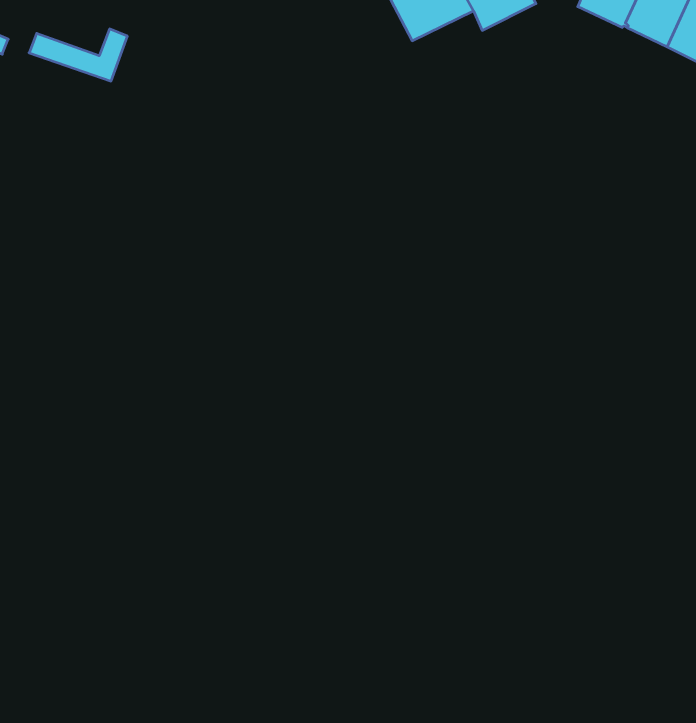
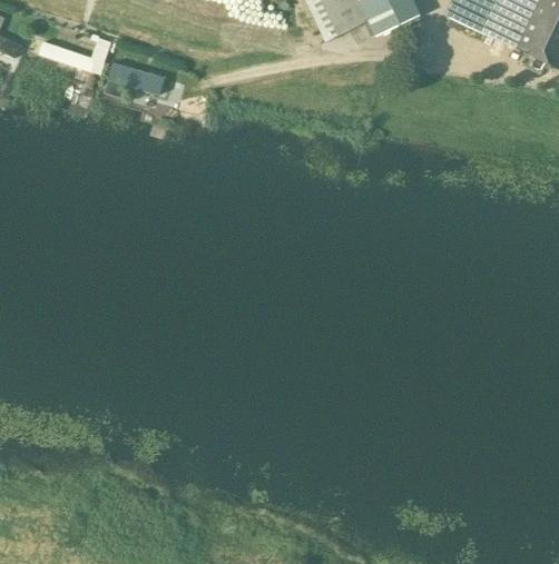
building: none -> [108,59,166,92]

